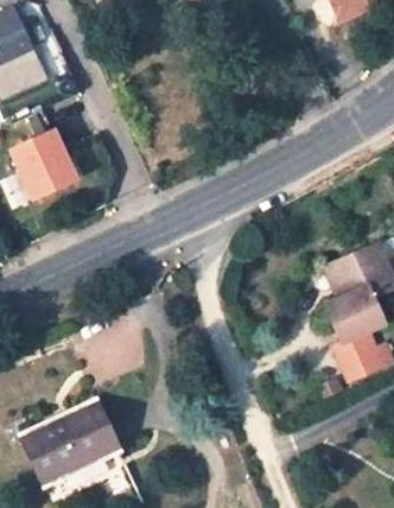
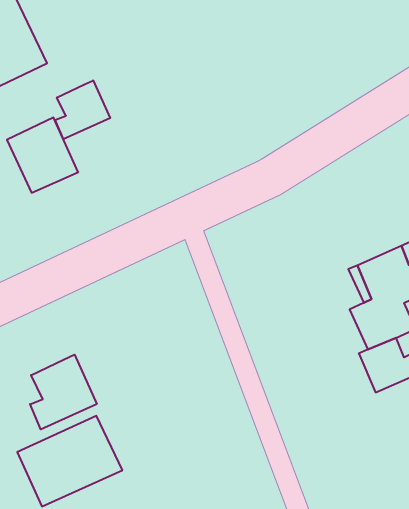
building: none -> [55,80,110,139]
building: none -> [30,355,97,429]

